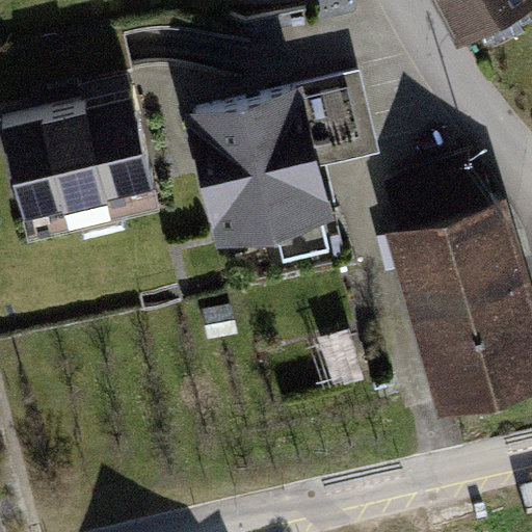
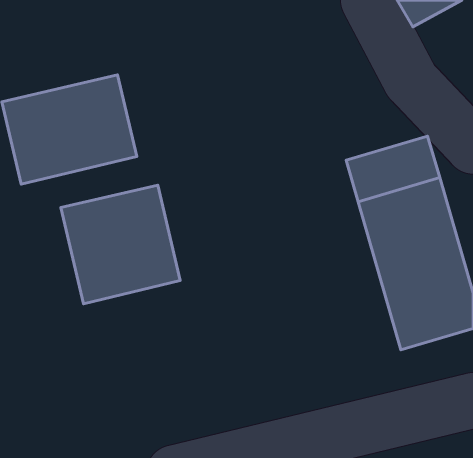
building: [194,84,376,244] -> none
building: none -> [61,185,180,304]

